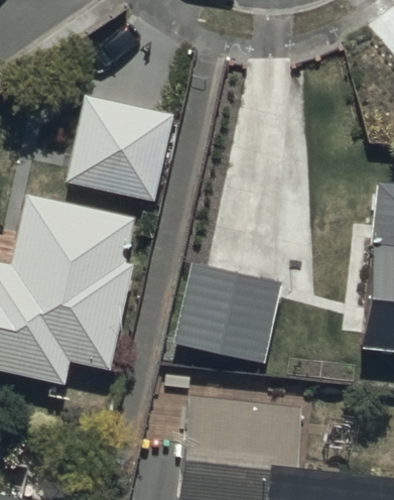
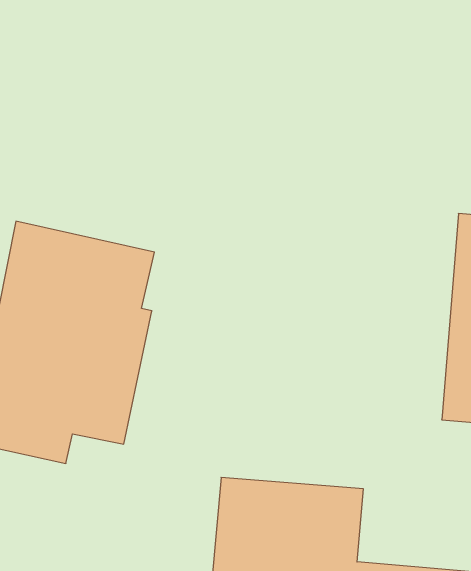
building: [69,97,174,202] -> none
building: [174,263,281,364] -> none

